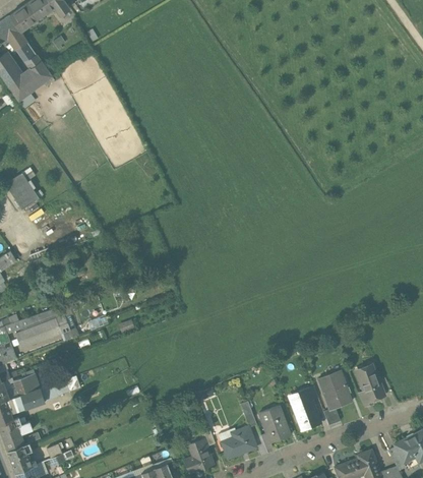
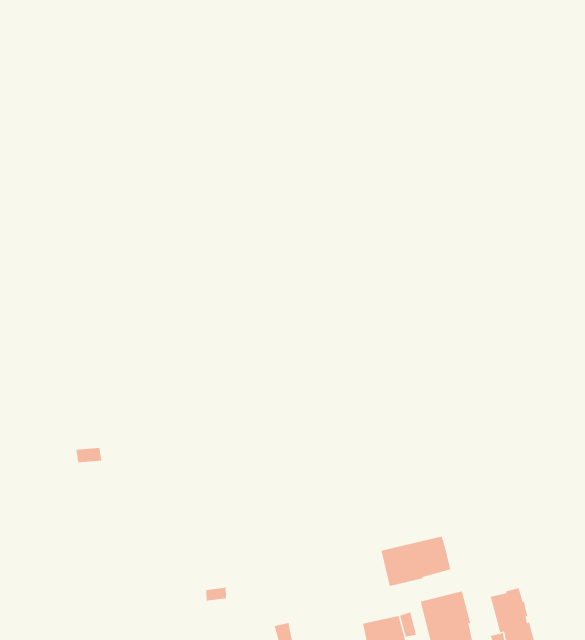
building: none -> [381,535,451,587]

